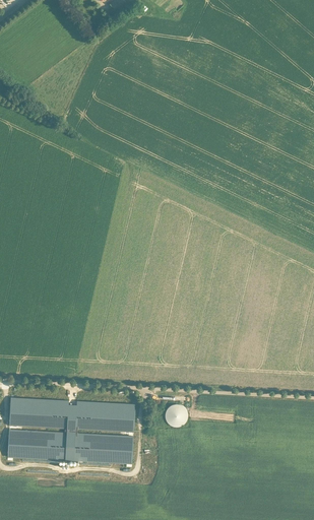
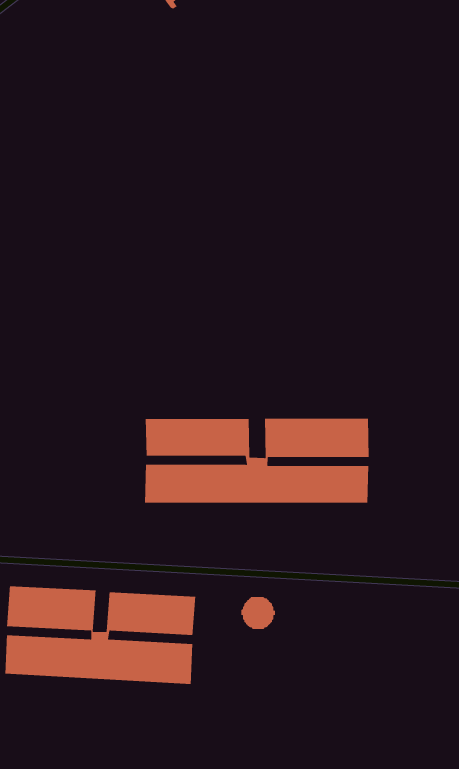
building: none -> [144,418,370,503]

